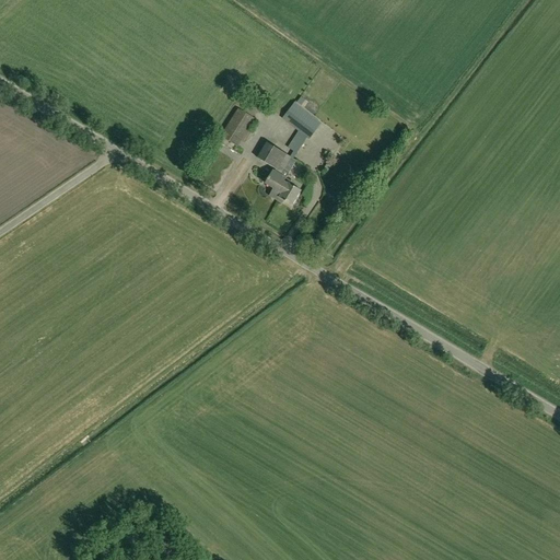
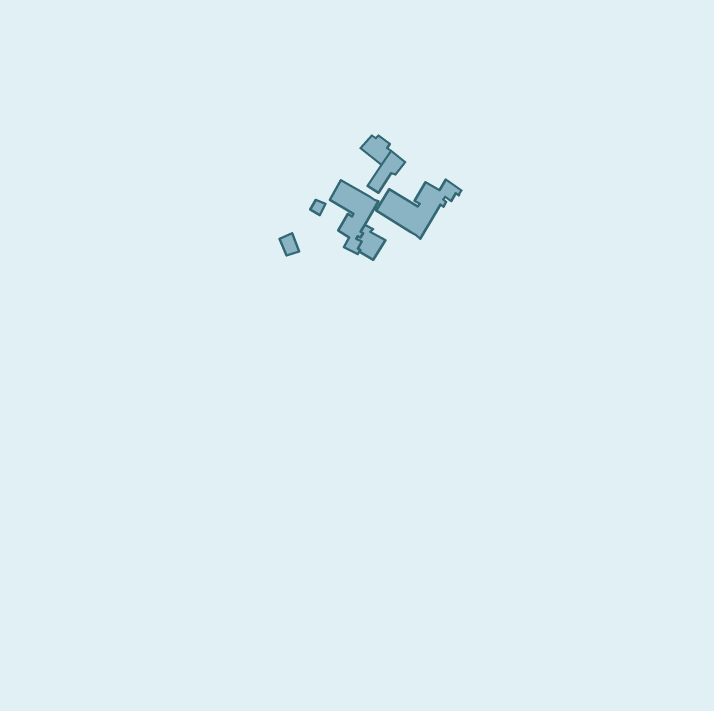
building: [222,107,254,144] -> none
building: none -> [376,180,461,239]

